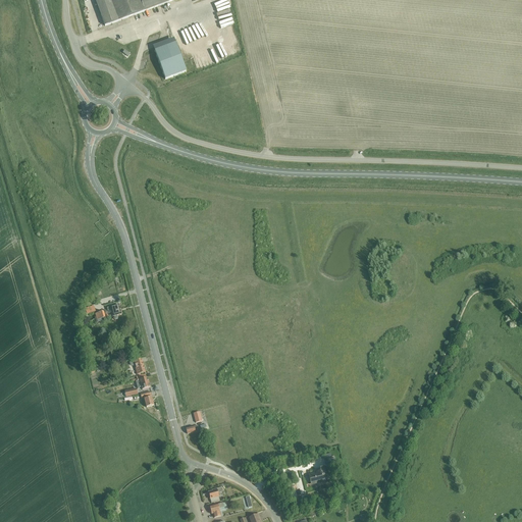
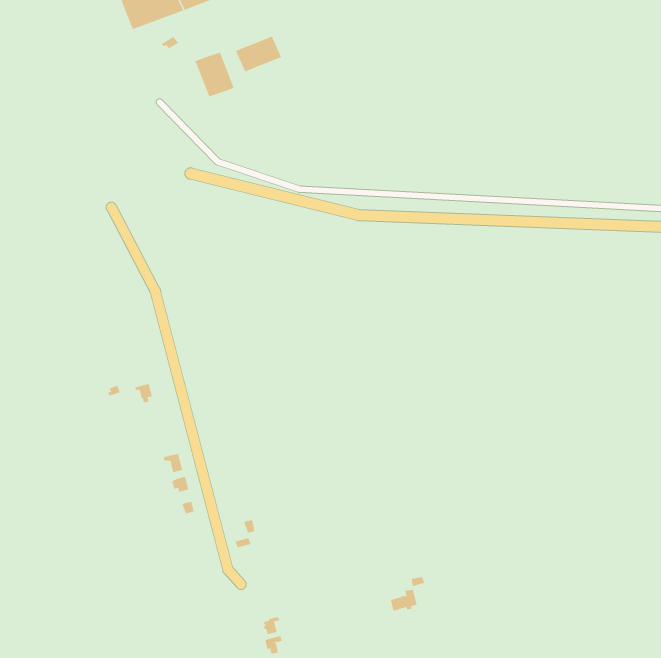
building: none -> [235,36,282,72]

